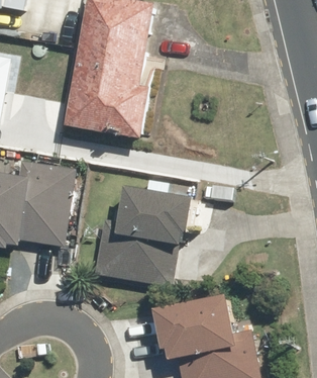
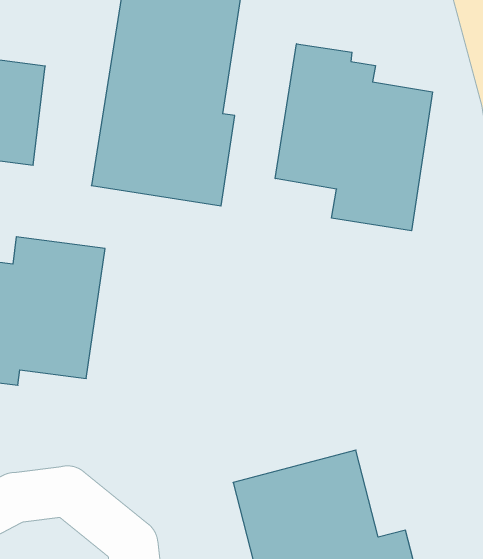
building: none -> [275,44,432,231]
building: [93,188,189,285] -> none

